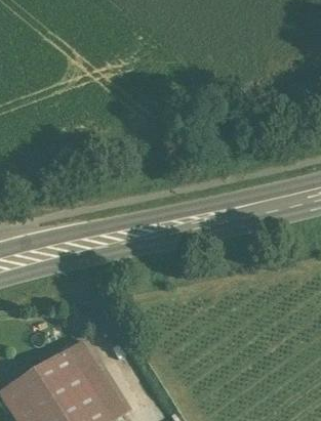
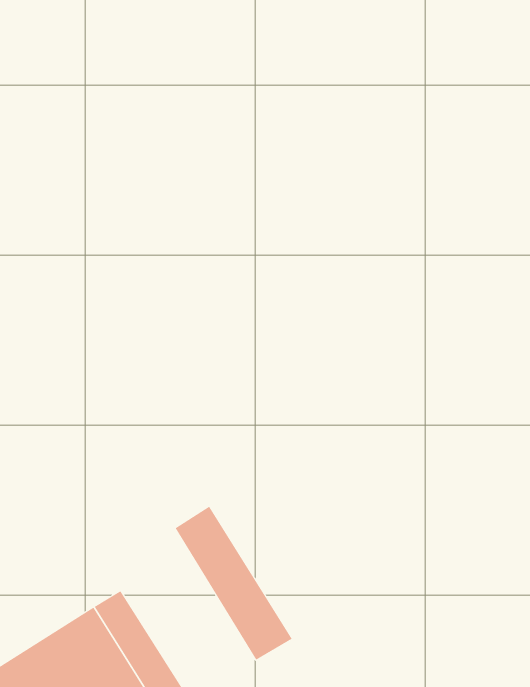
building: none -> [175,506,292,661]

